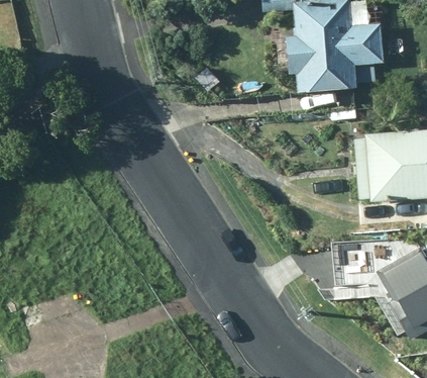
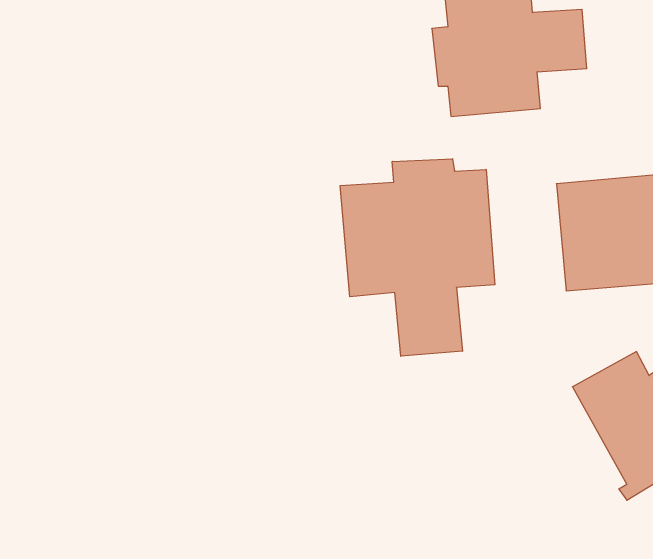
building: none -> [340,159,495,356]

